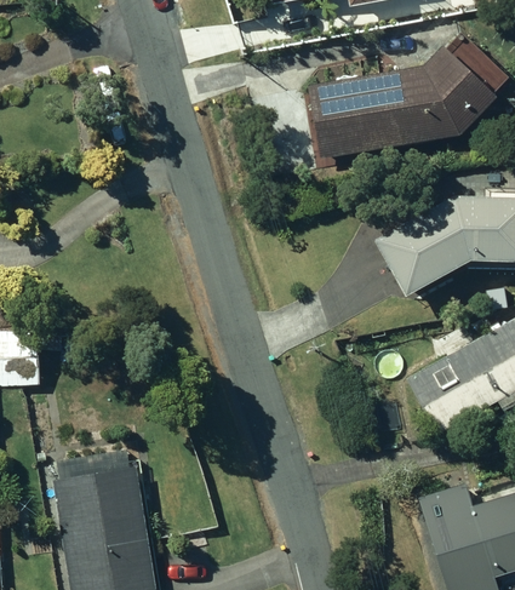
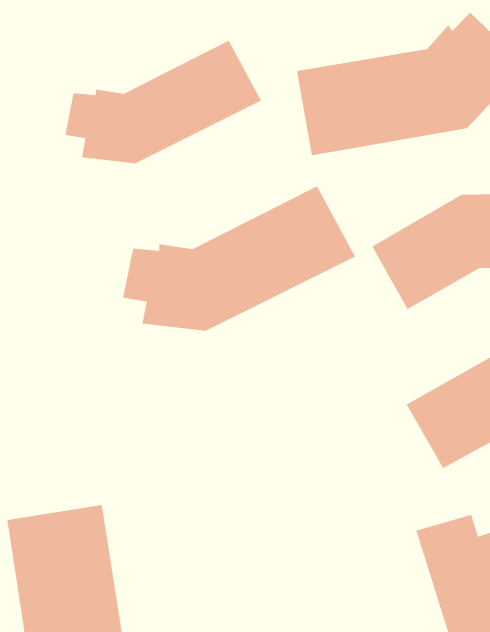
building: none -> [65,40,262,164]
building: none -> [122,185,356,331]

